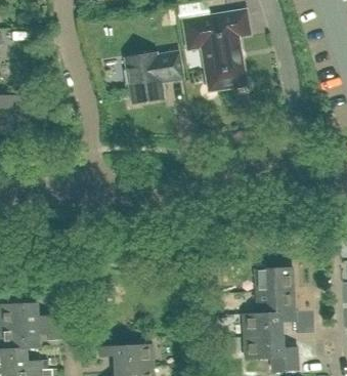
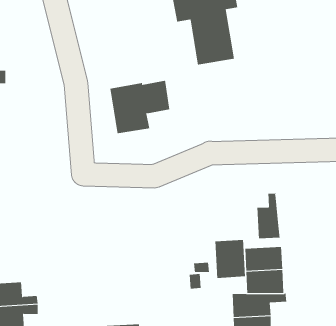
building: [125,49,184,101] -> [109,80,170,134]
building: none -> [257,193,280,239]
building: none -> [215,239,246,279]

